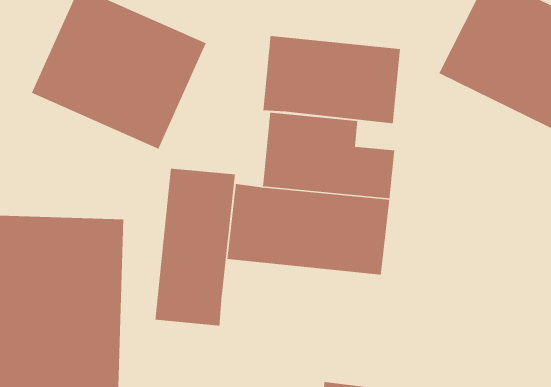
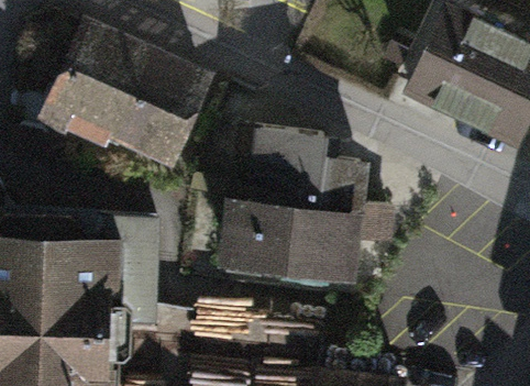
building: [263,35,401,124] -> none
building: [154,168,236,326] -> none

